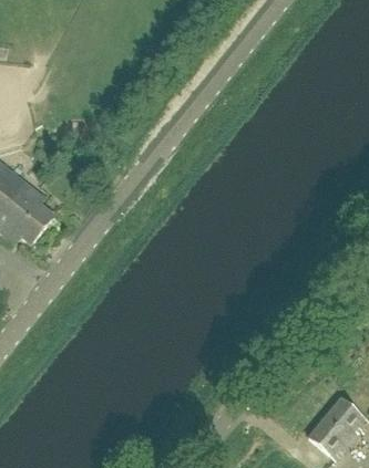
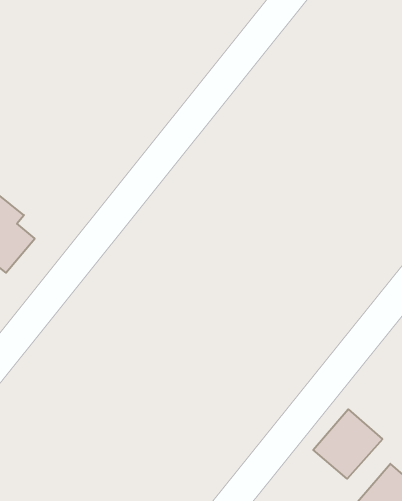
building: none -> [313,409,382,479]

